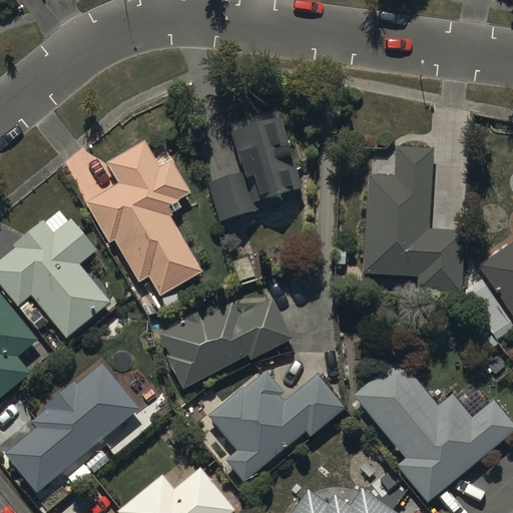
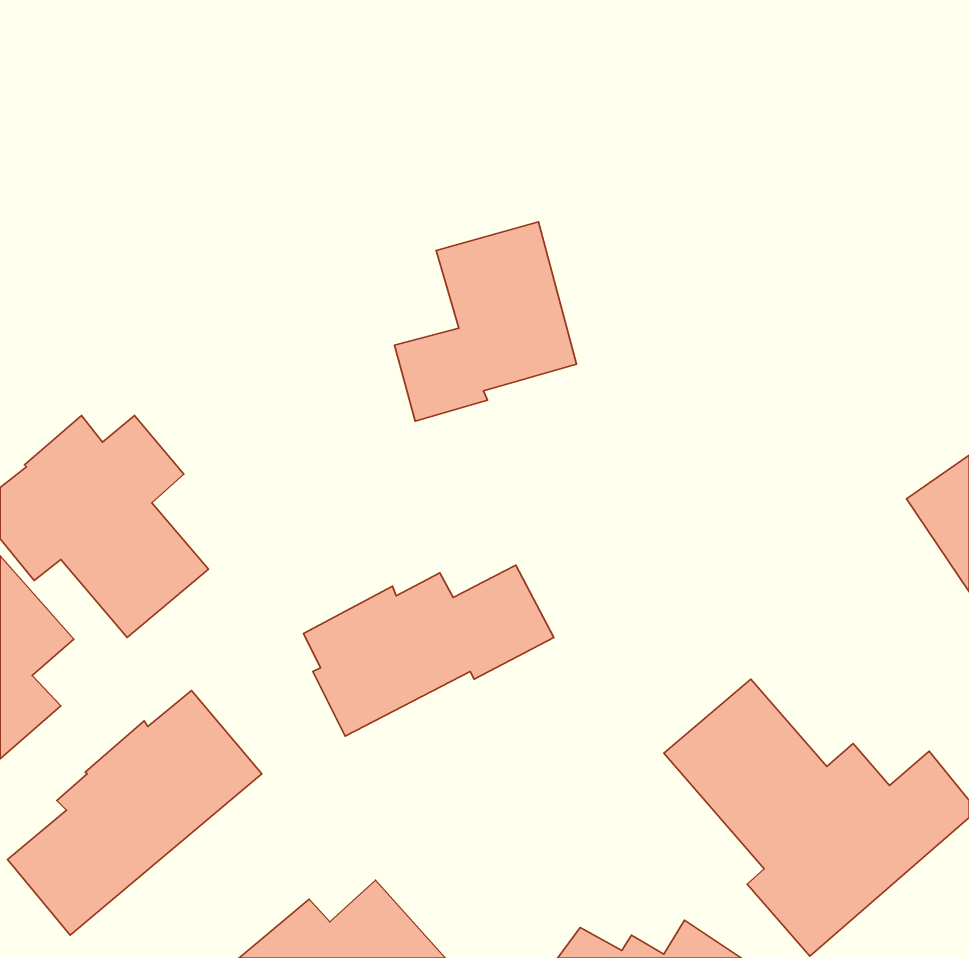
building: [85,141,201,296] -> none
building: [362,145,468,294] -> none
building: [208,369,345,482] -> none

